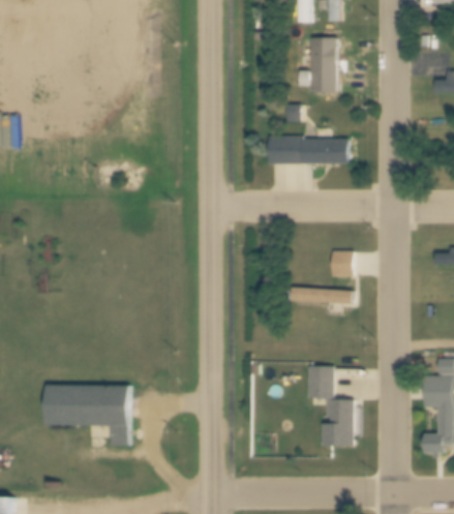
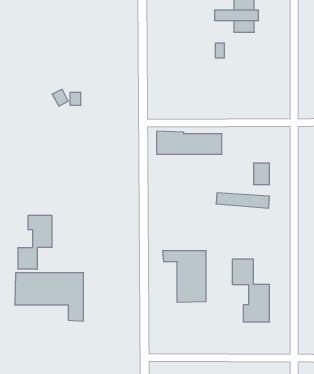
building: [270,135,350,163] -> [157,131,222,154]
building: none -> [18,215,52,269]
building: none -> [163,250,206,302]

